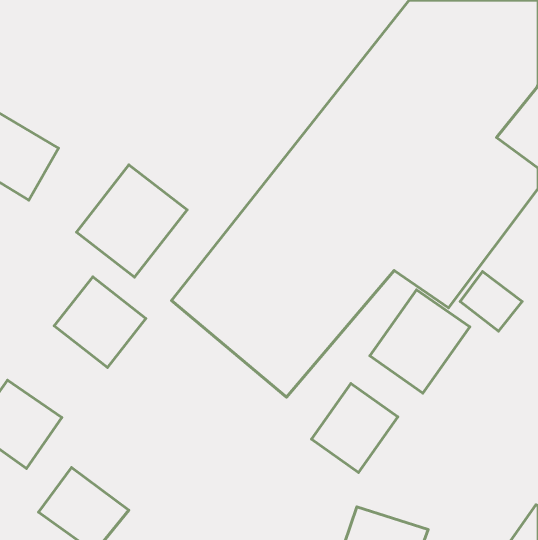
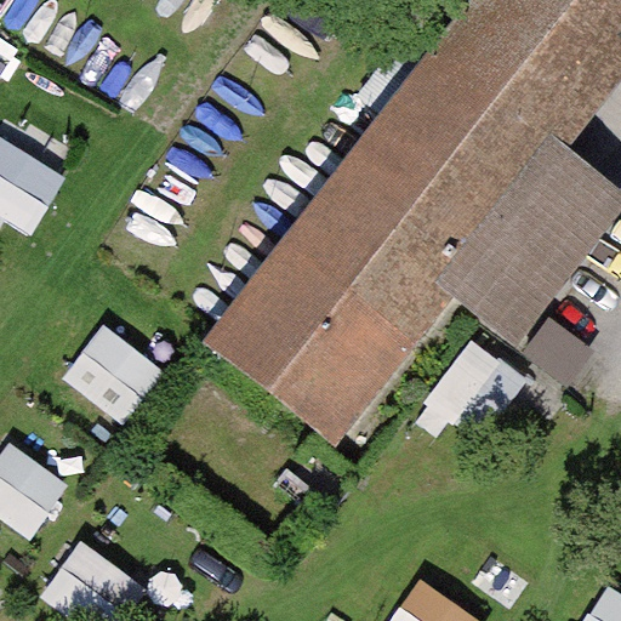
building: [76,165,187,277] -> none
building: [311,383,398,473] -> none

